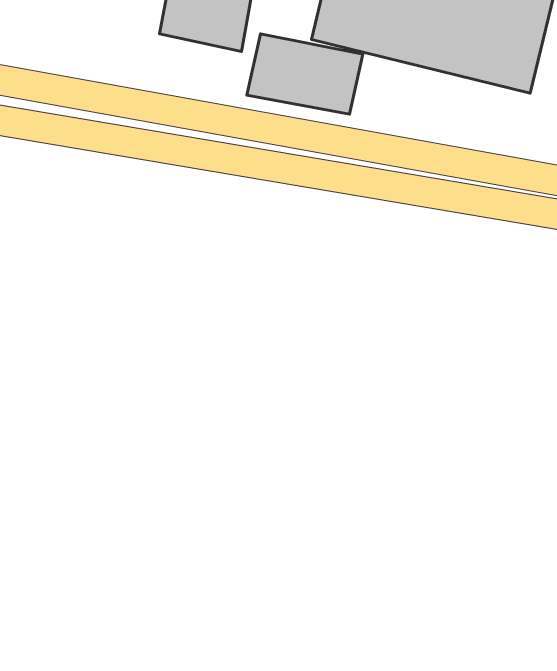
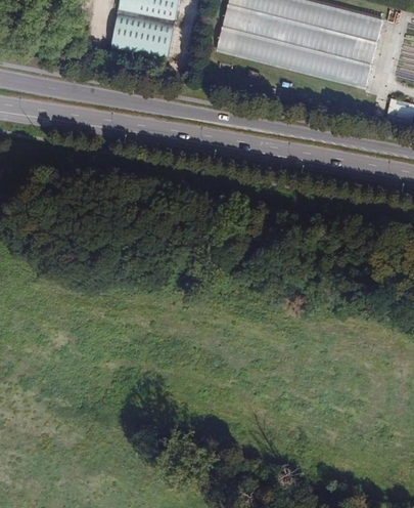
building: [247,34,363,114] -> none

